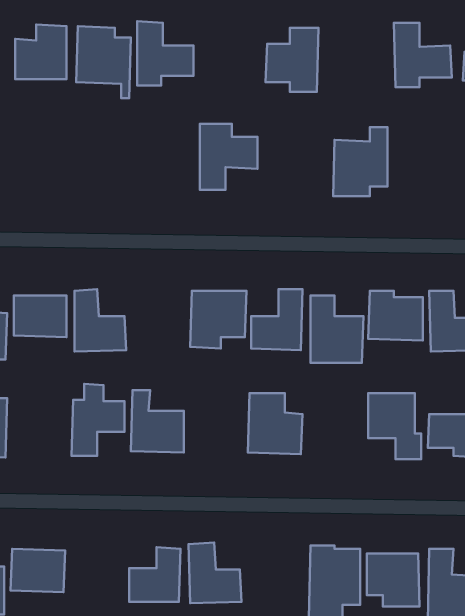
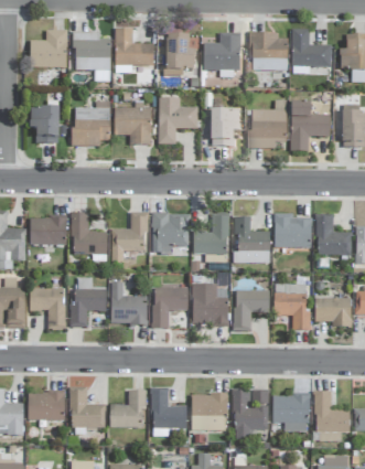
building: none -> [250,32,288,71]
building: none -> [167,33,194,70]
building: none -> [73,102,109,147]
building: none -> [290,102,330,151]
building: none -> [114,105,151,145]
building: none -> [30,108,60,143]
building: none -> [211,109,239,146]
building: none -> [111,212,146,262]
building: none -> [151,286,187,328]
building: none -> [29,287,65,330]
building: none -> [234,290,269,331]
building: none -> [69,386,105,428]
building: none -> [191,394,227,431]

